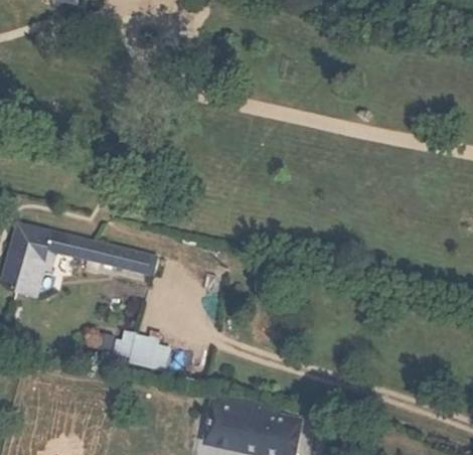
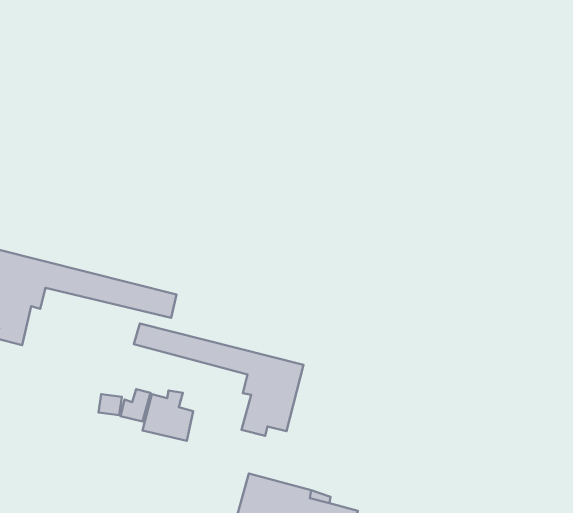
building: none -> [134,323,304,436]

